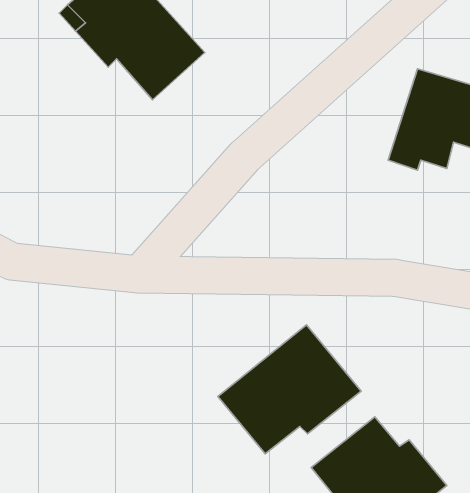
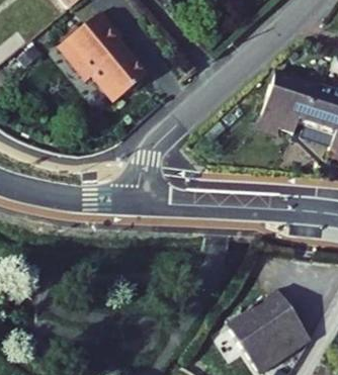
building: [218,325,361,454] -> none

